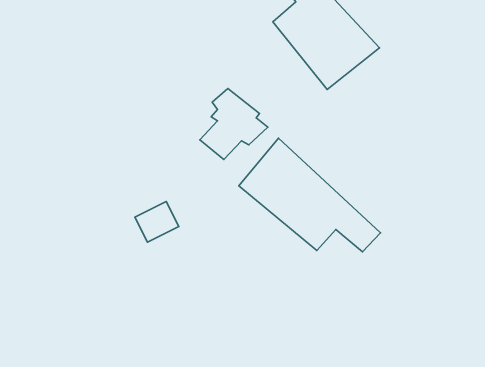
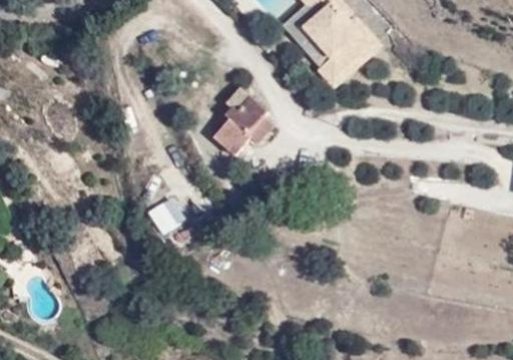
building: [239,138,380,252] -> none

